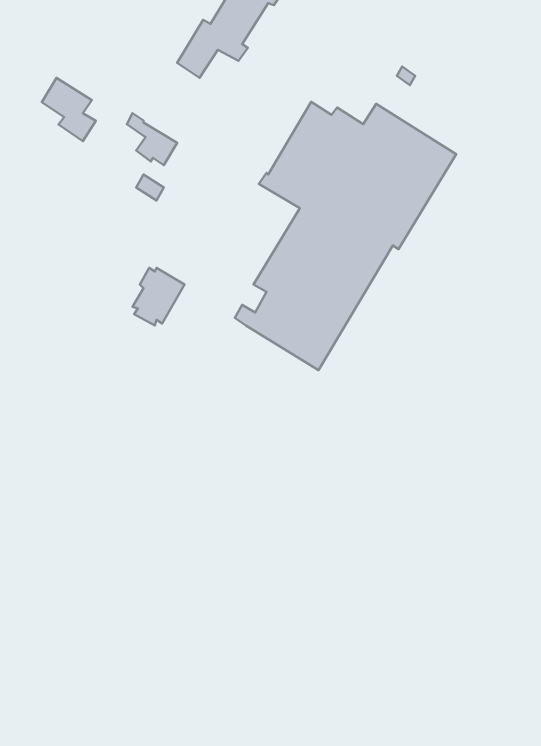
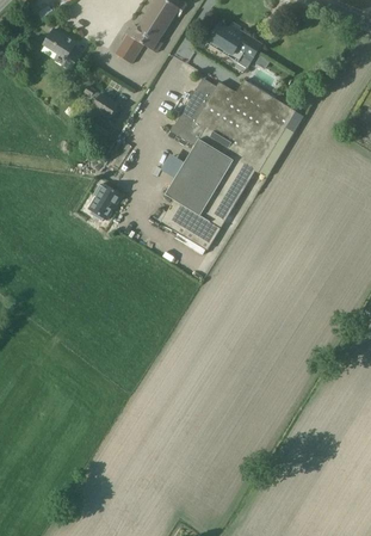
building: none -> [208,23,261,62]
building: [42,78,96,141] -> [44,29,79,69]

